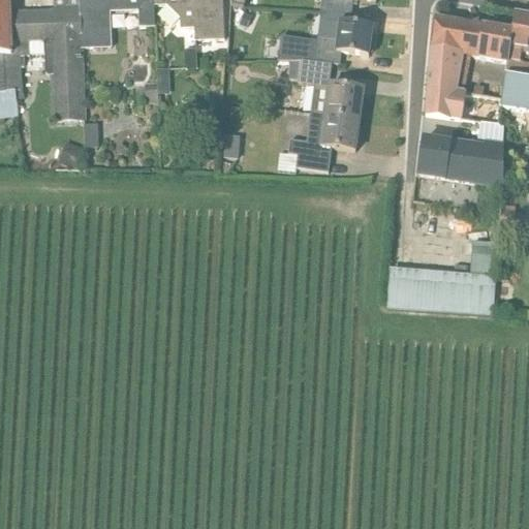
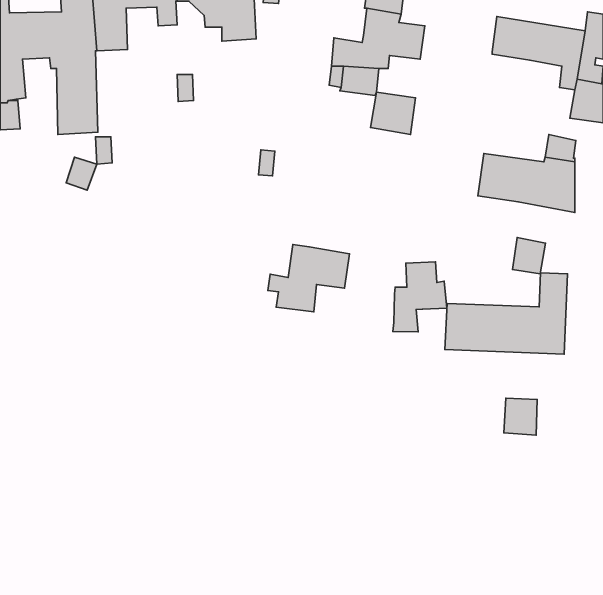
building: [426,48,465,115] -> none
building: [288,110,360,168] -> [268,244,349,312]
building: none -> [512,238,546,274]
building: none -> [393,262,447,332]
building: none -> [504,398,537,435]

